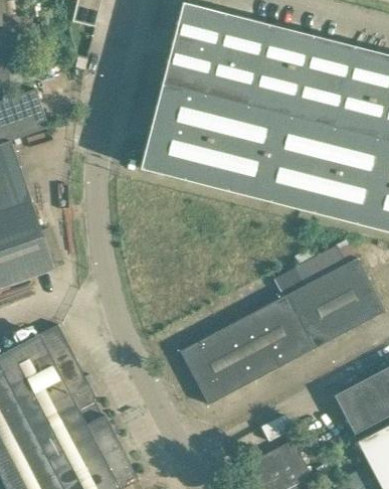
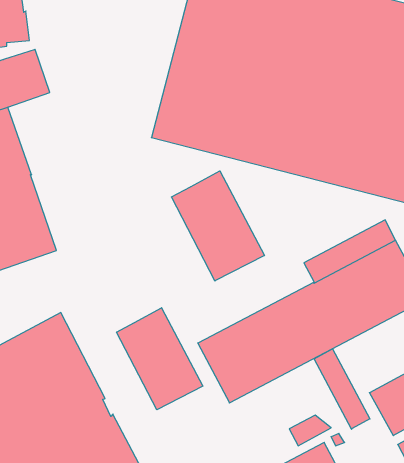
building: none -> [171,171,264,281]
building: none -> [117,308,203,410]
building: none -> [314,349,370,429]

